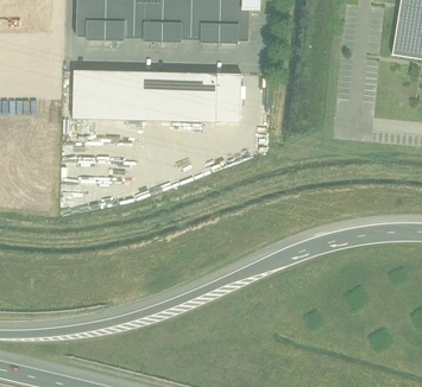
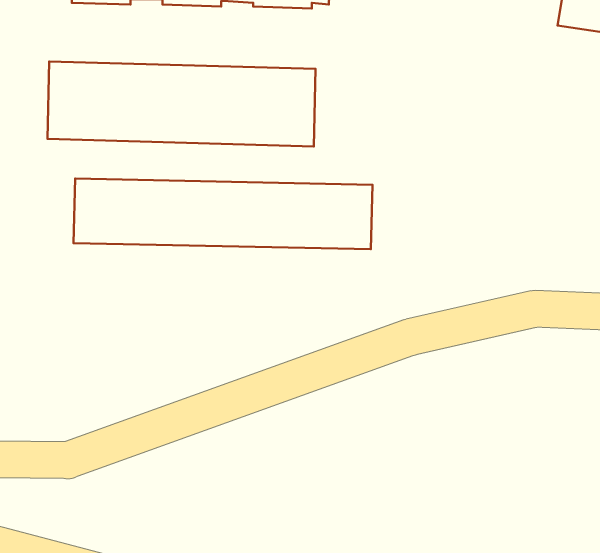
building: none -> [74,179,373,249]

